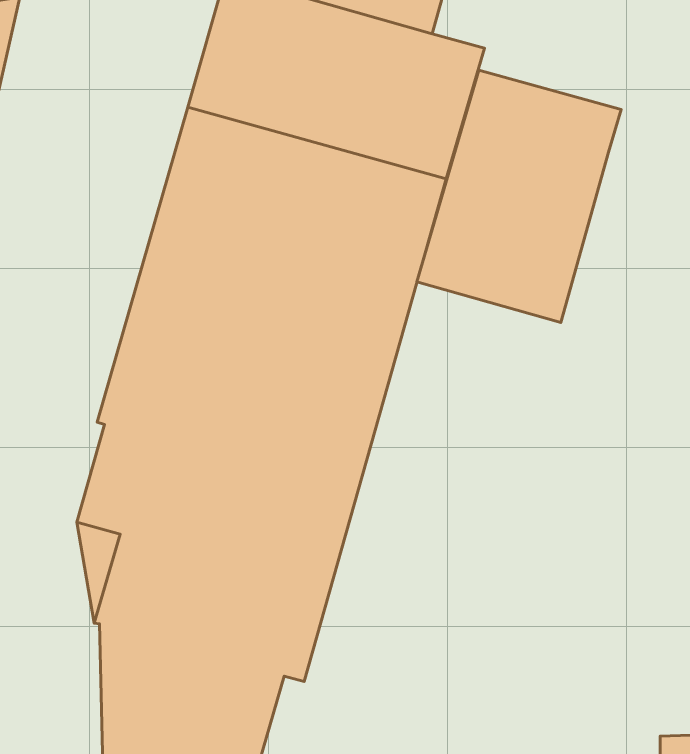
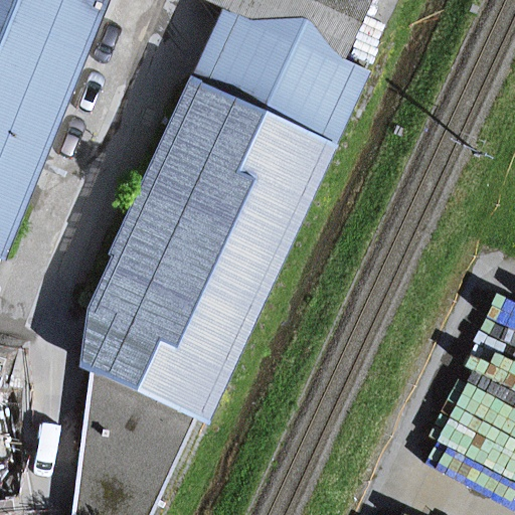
building: [417,70,621,322] -> none

